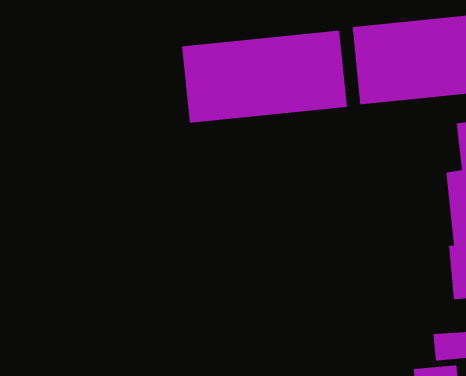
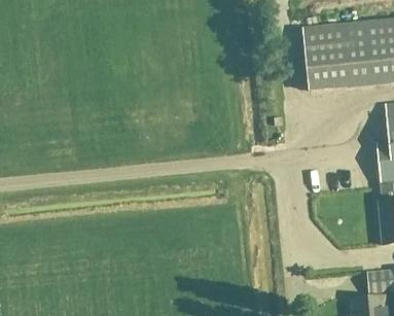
building: [181,30,347,123] -> none

